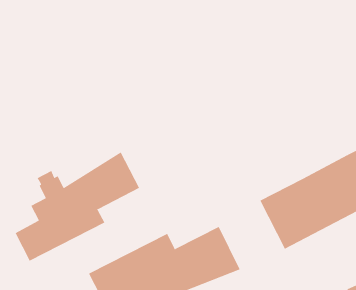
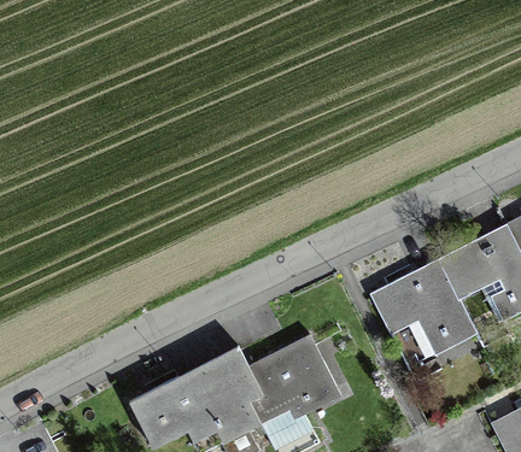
building: [15,152,140,262] -> none

